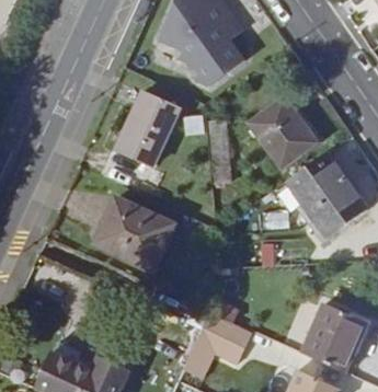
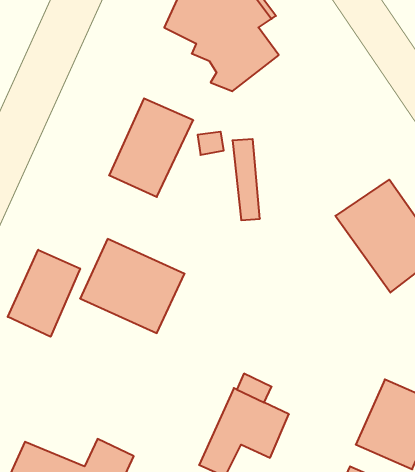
building: [250,99,317,165] -> none
building: none -> [8,250,80,337]

